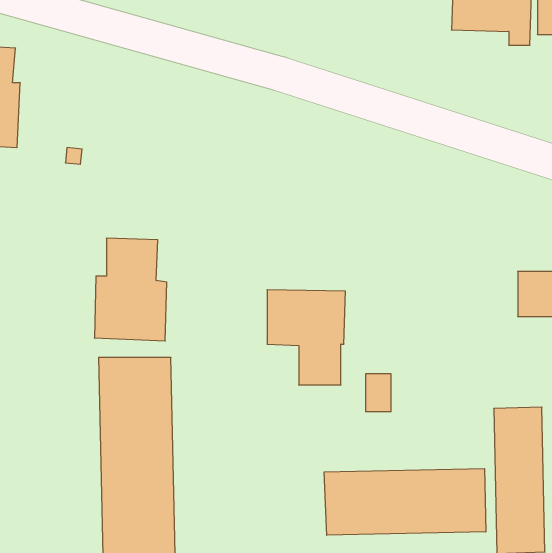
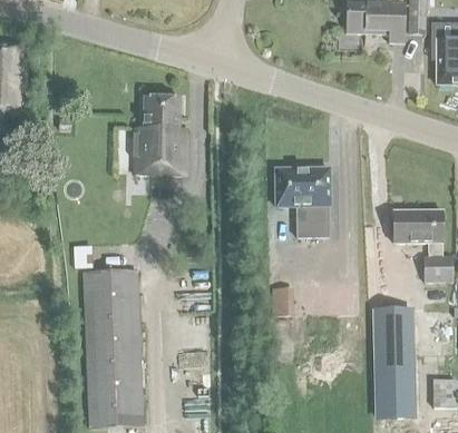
building: [94,238,167,341] -> [133,98,186,174]
building: [267,290,345,385] -> [274,166,332,236]
building: [324,469,486,535] -> none

